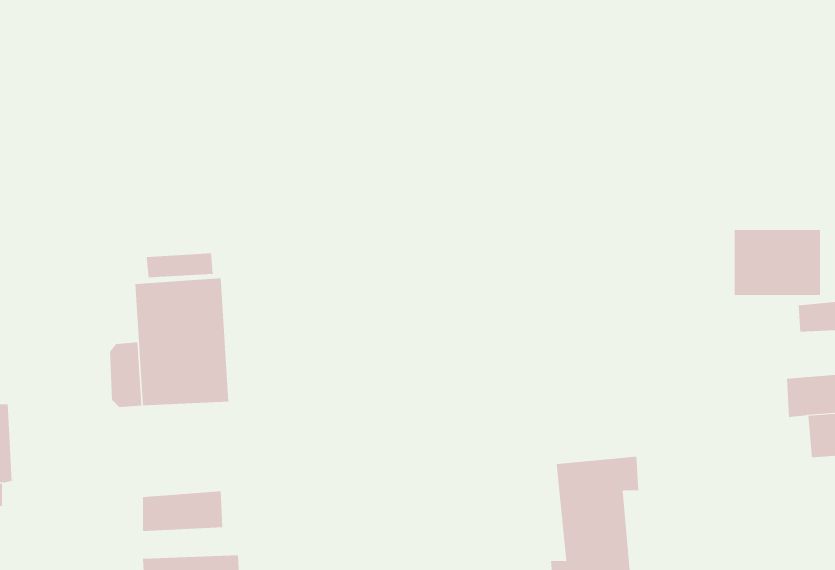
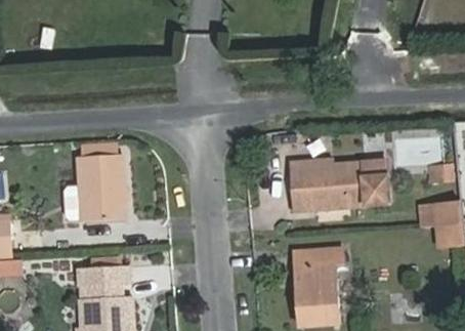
building: none -> [289,161,388,211]

